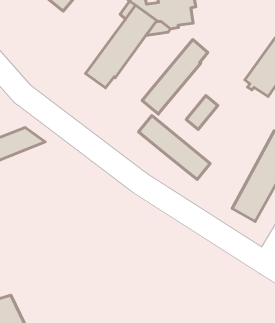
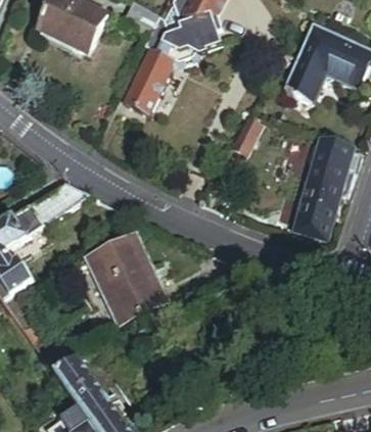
building: [142,40,208,114] -> none
building: [138,115,210,180] -> none
building: none -> [69,235,161,333]

